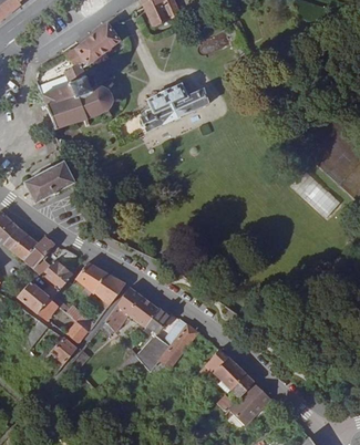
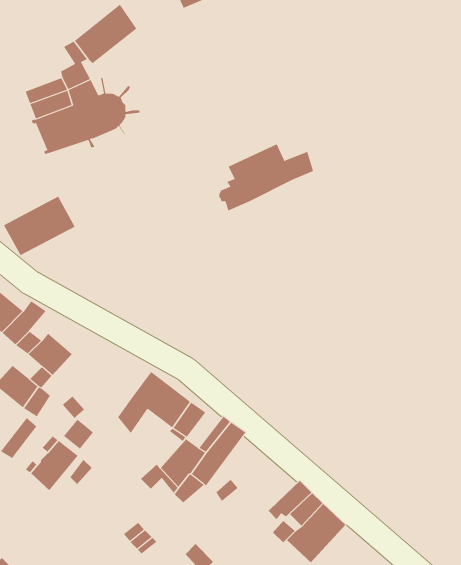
building: [140,83,208,132] -> [219,143,314,211]
building: [75,261,125,306] -> none
building: [199,349,237,386] -> none

